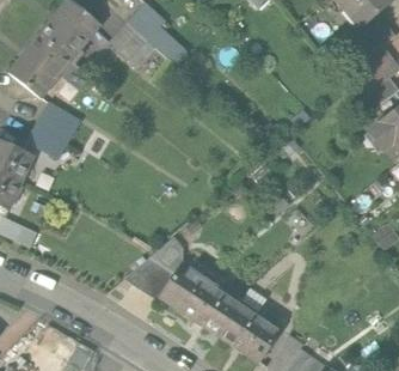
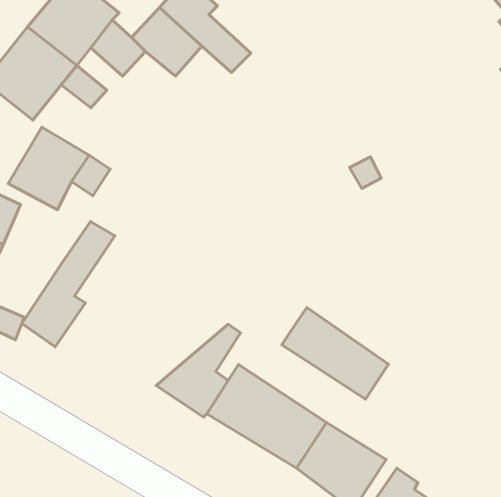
building: none -> [22,222,115,347]
building: none -> [282,308,388,399]

